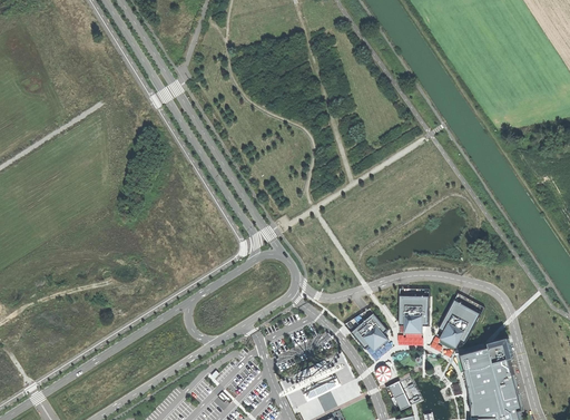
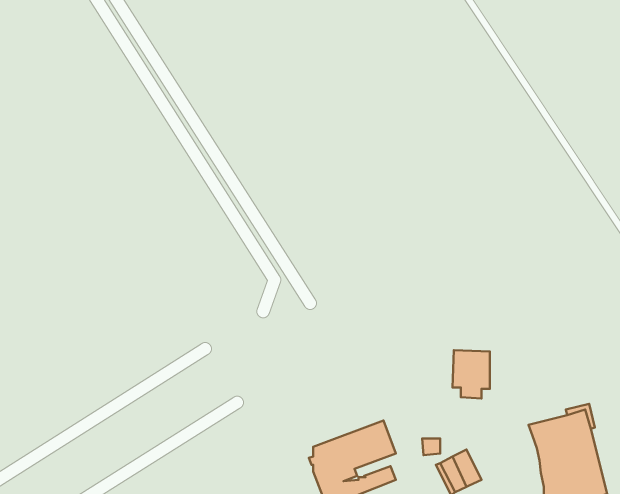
building: [438,300,480,348] -> none
building: [350,313,387,351] -> none

